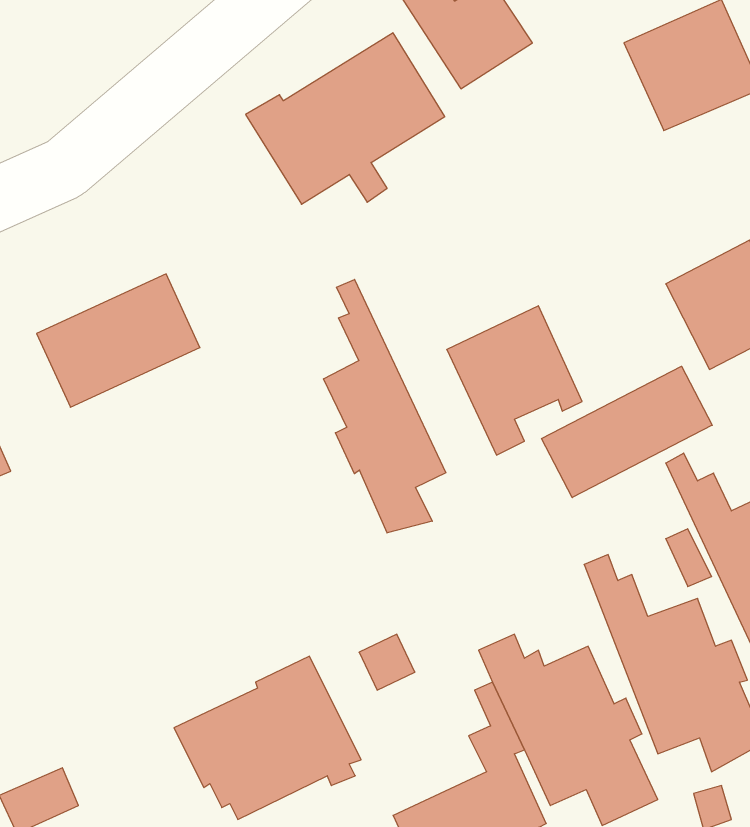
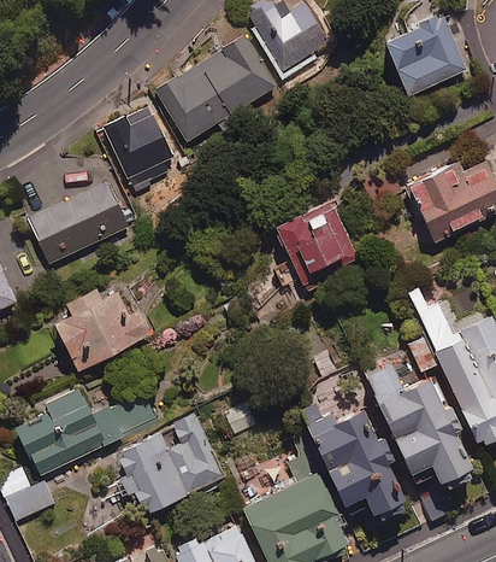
building: none -> [105,111,175,192]
building: [324,279,446,533] -> none
building: [542,366,712,498] -> none
building: none -> [54,294,148,371]
building: none -> [14,388,159,476]

